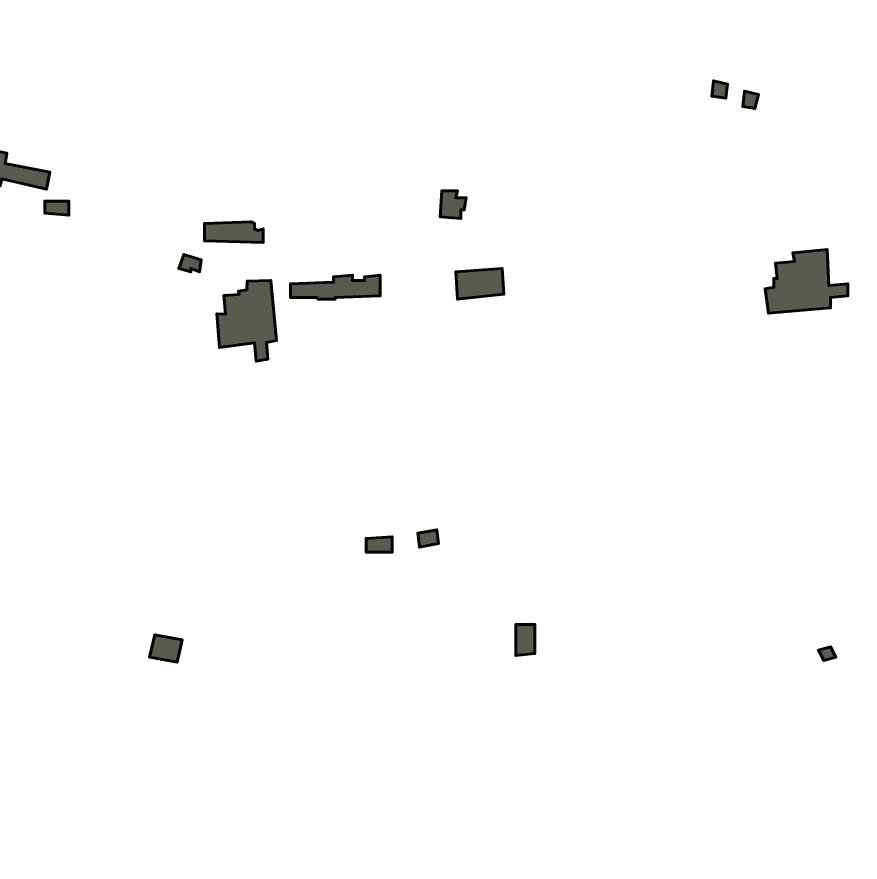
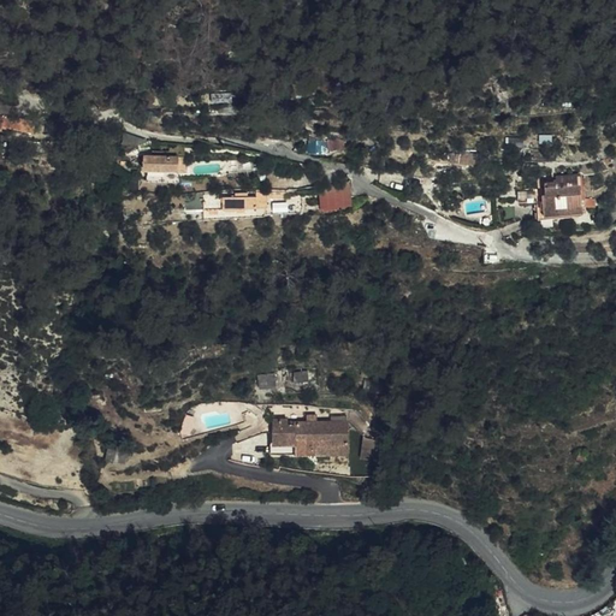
building: [217,280,276,361] -> none
building: none -> [273,420,348,454]

